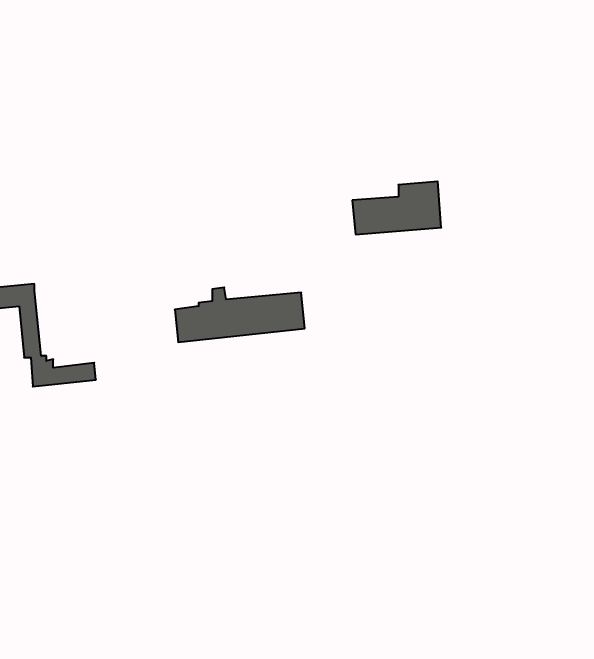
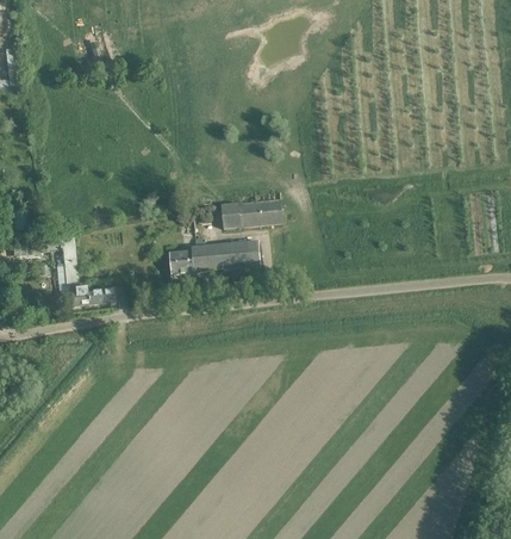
building: [352,181,441,234] -> [220,191,282,228]

